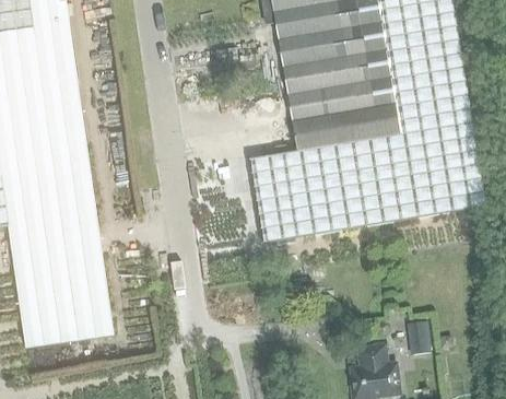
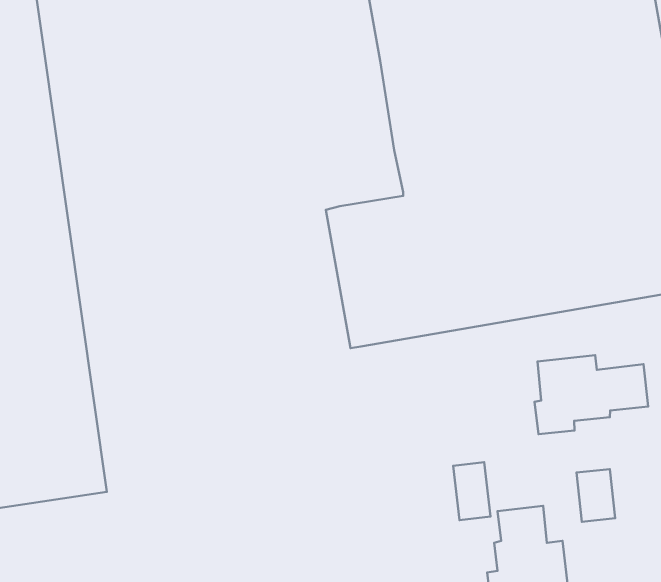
building: none -> [534,355,648,434]
building: none -> [453,462,491,520]

